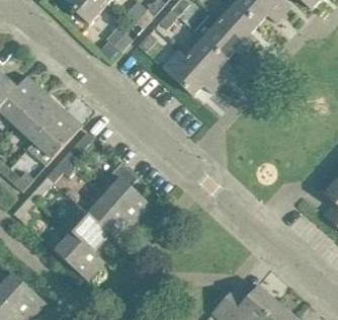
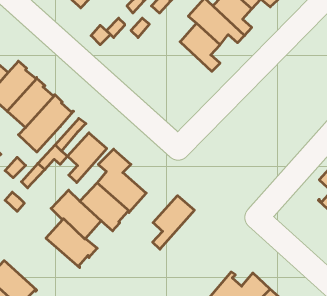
building: [170,56,219,95] -> none
building: none -> [67,133,107,183]
building: none -> [153,196,194,249]

